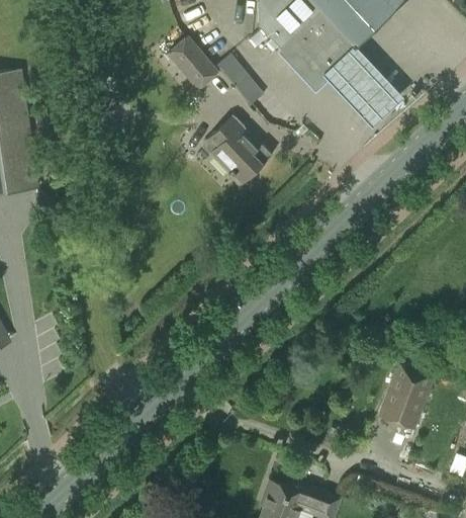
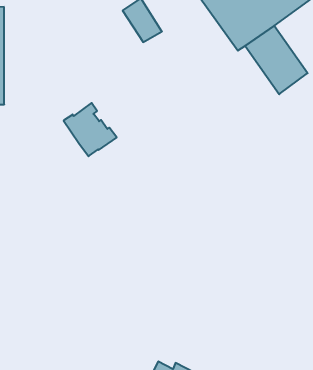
building: [218,51,266,103] -> none
building: [204,116,272,182] -> [64,103,117,156]
building: [378,361,434,429] -> none

